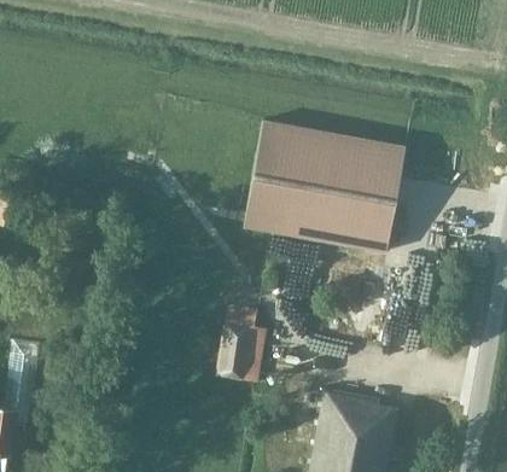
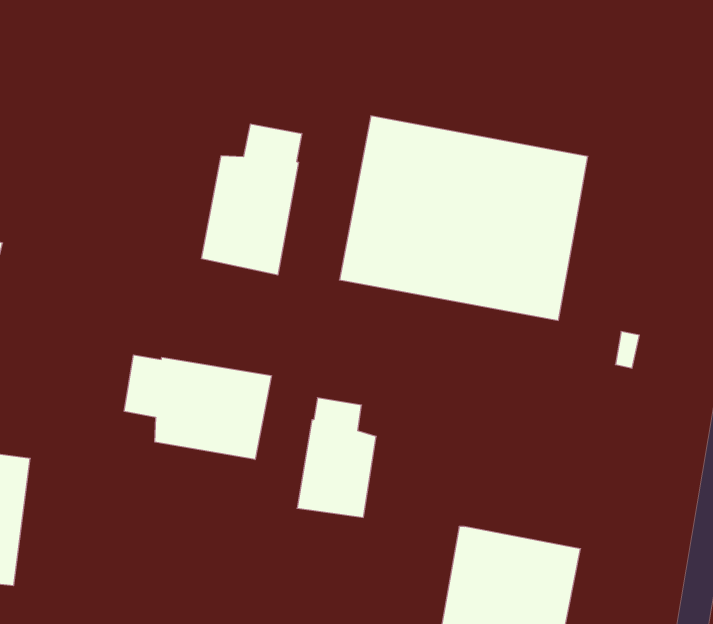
building: none -> [202,124,302,275]
building: none -> [124,355,271,460]

